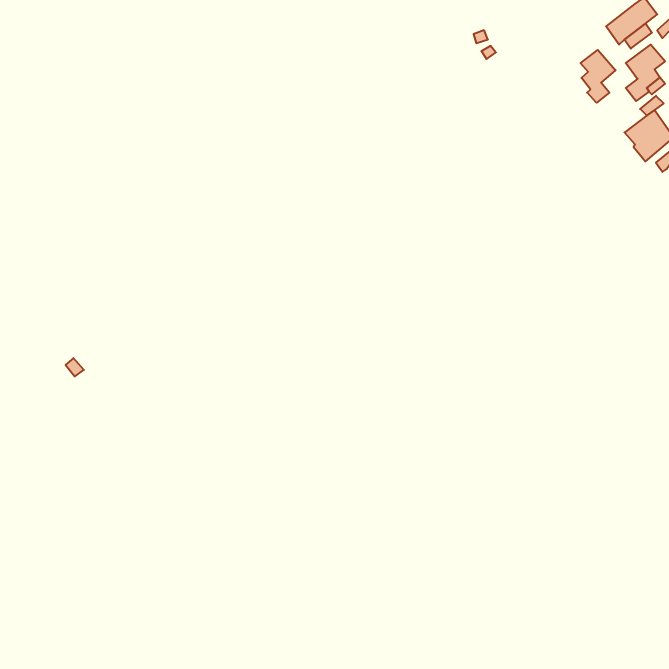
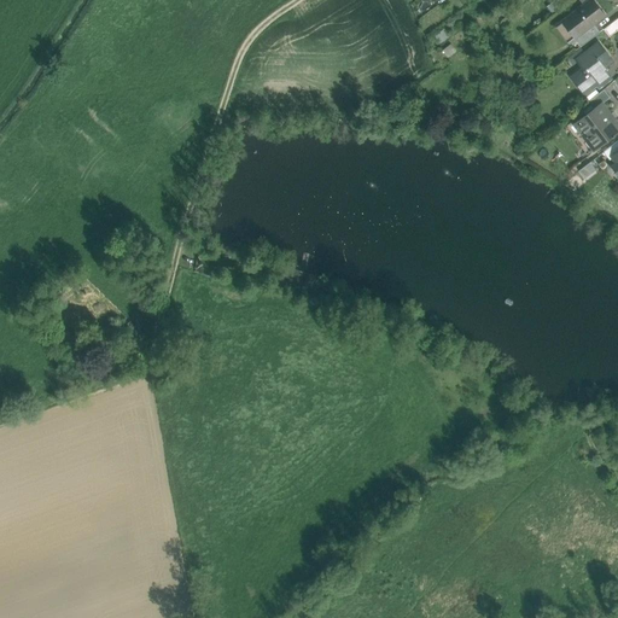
building: [581,50,616,103] -> none

